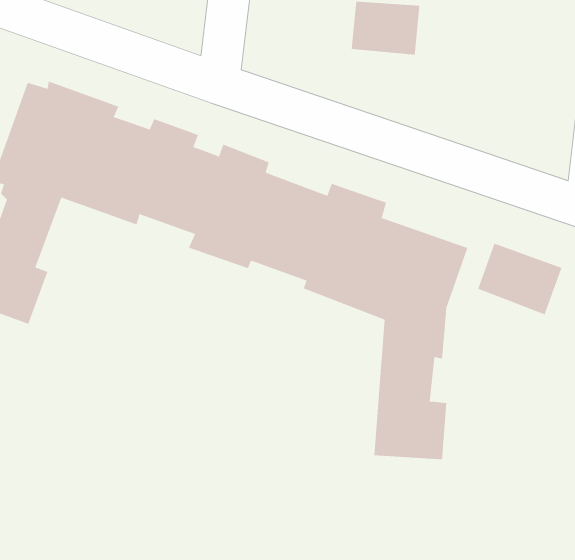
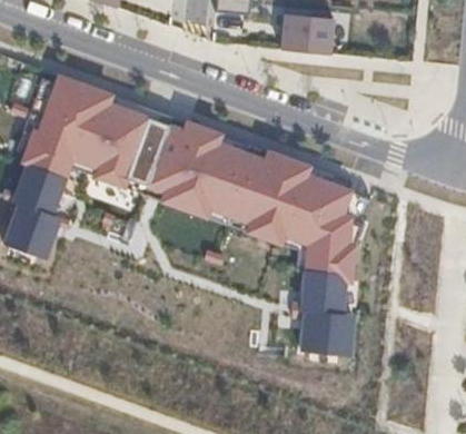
building: [478,243,562,315] -> none

